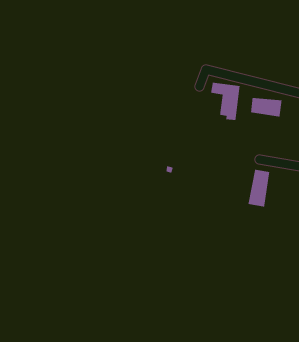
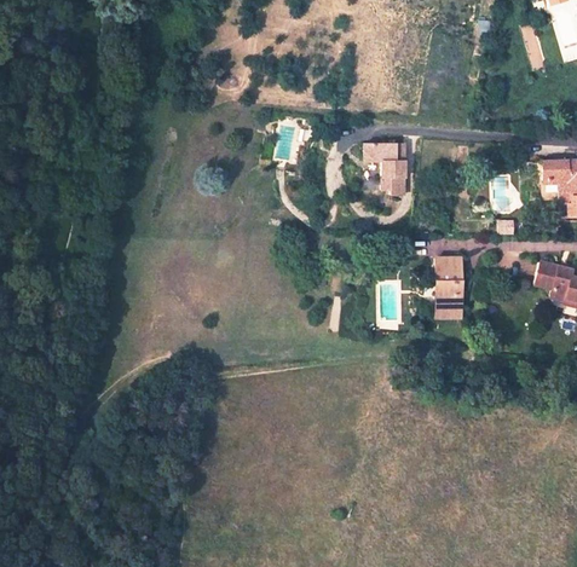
building: [250,97,282,117] -> none

